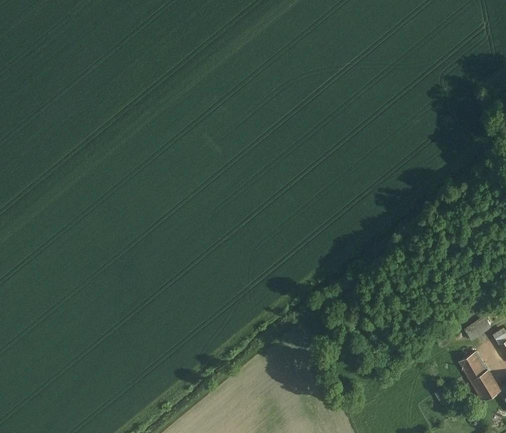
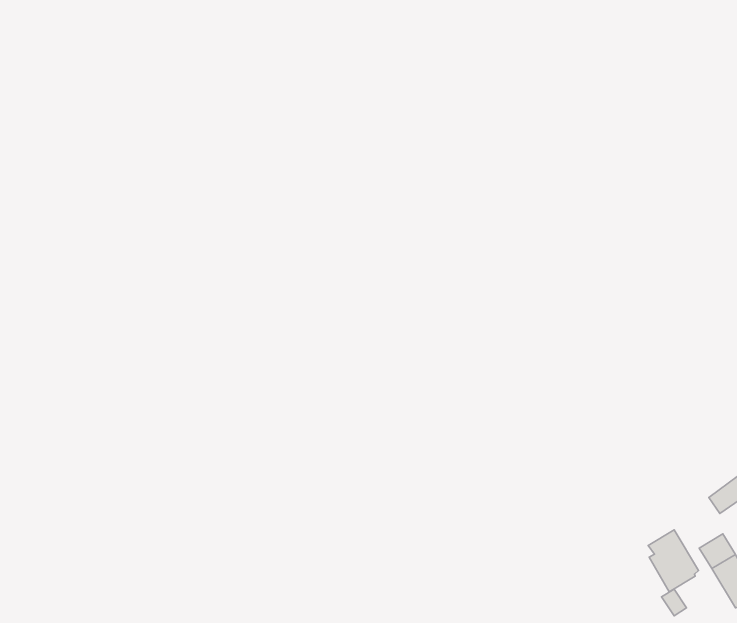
building: none -> [648,530,699,592]

